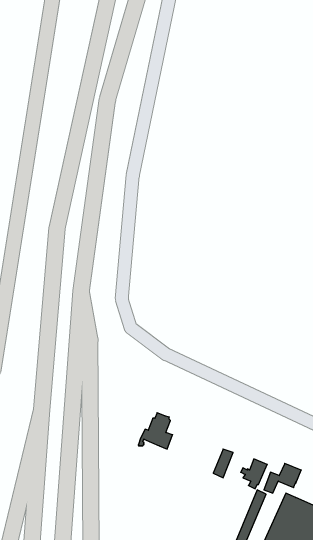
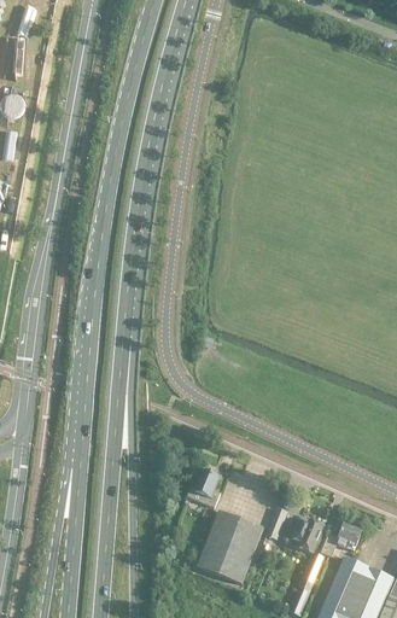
building: none -> [193,511,261,584]

